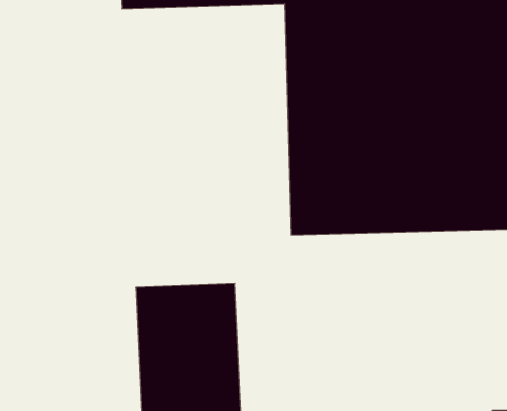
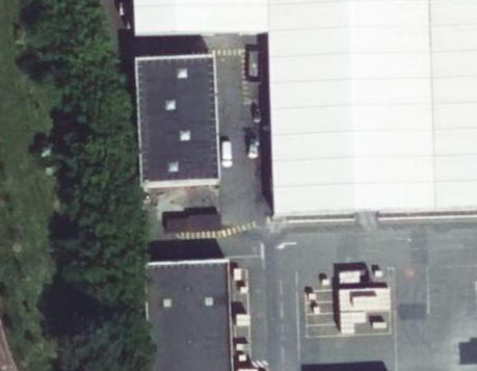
building: none -> [141,53,223,182]

